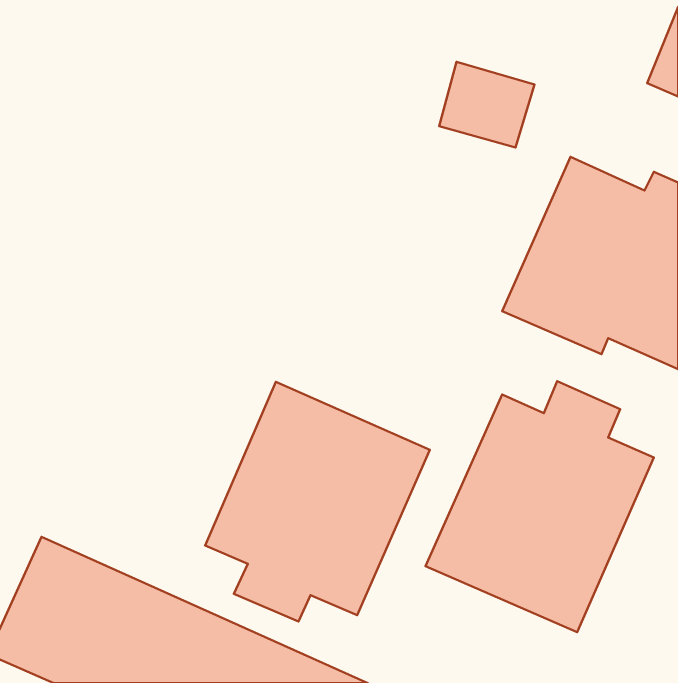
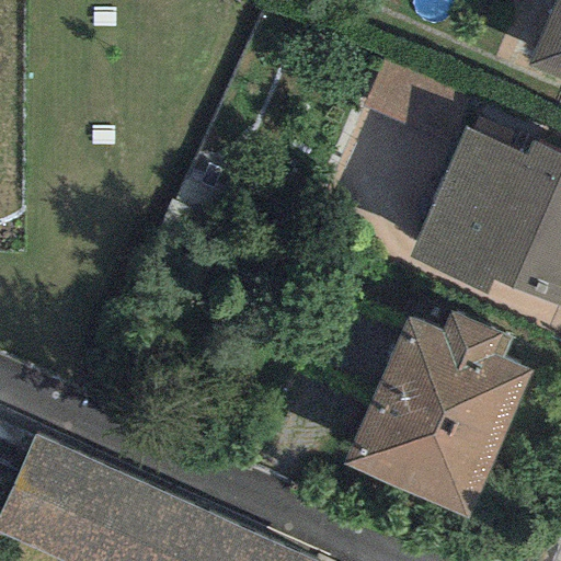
building: [205,382,430,622] -> none

